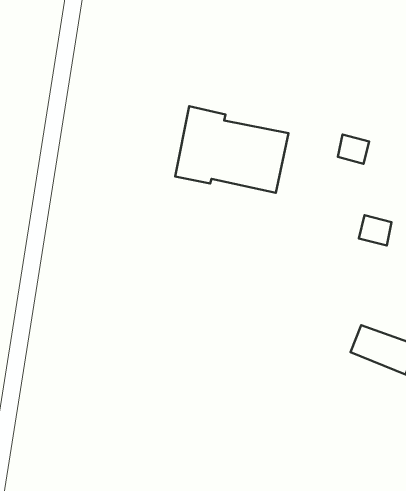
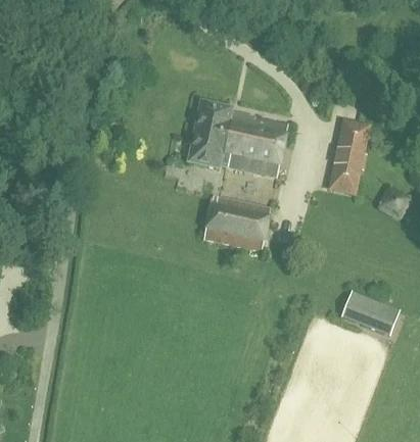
building: none -> [203,194,271,249]
building: [359,215,391,246] -> [322,158,351,185]

